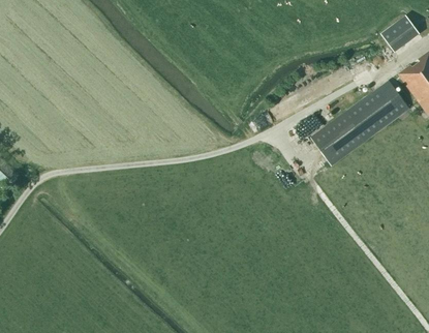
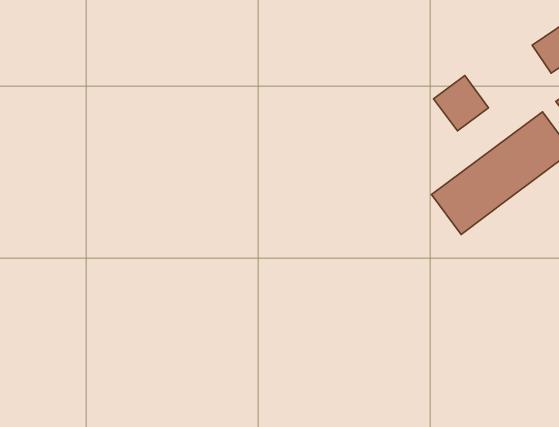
building: none -> [434,76,489,131]

